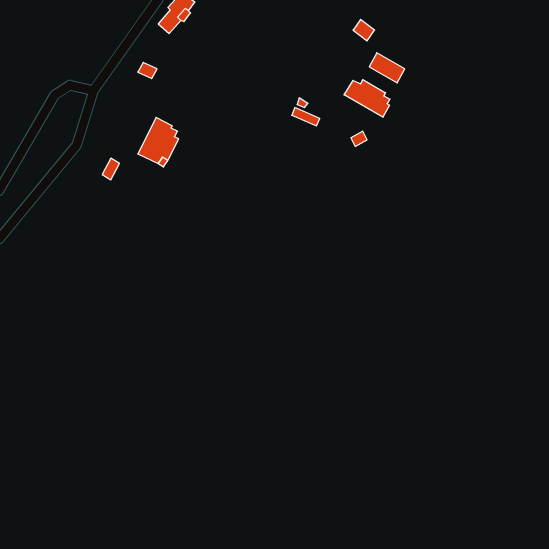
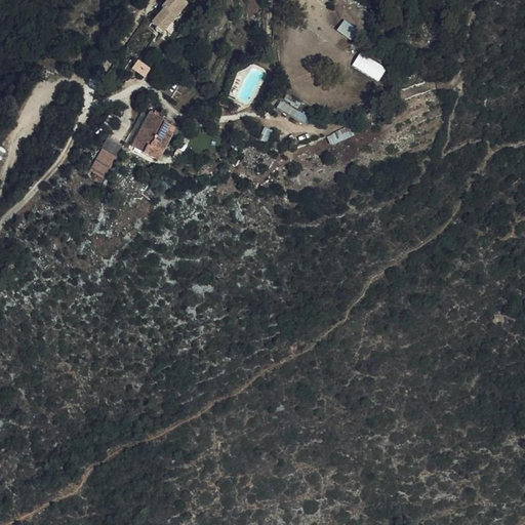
building: [344,80,390,117] -> none

